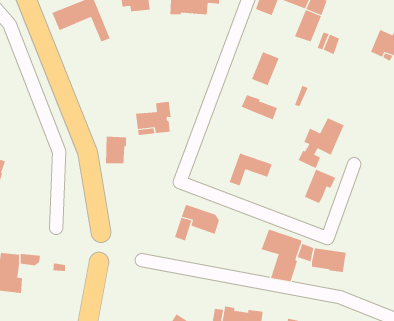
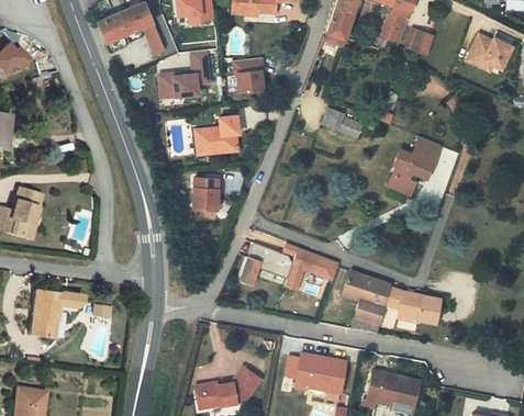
building: none -> [160,47,211,93]
building: [251,52,280,86] -> [321,13,354,53]
building: none -> [236,63,266,95]
building: [105,136,127,164] -> [197,181,222,213]
building: [229,153,273,186] -> [287,245,337,283]
building: [304,169,336,204] -> none

